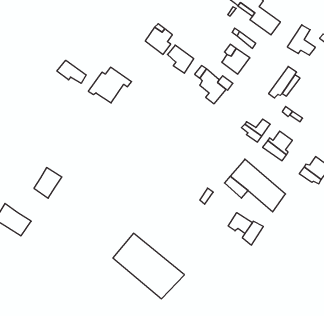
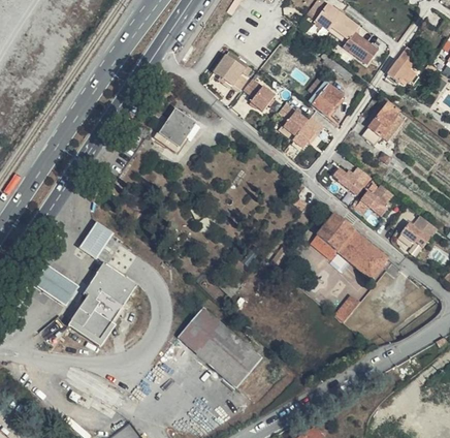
building: [57,60,86,83] -> none
building: none -> [68,269,136,345]
building: [228,213,252,233] -> none

